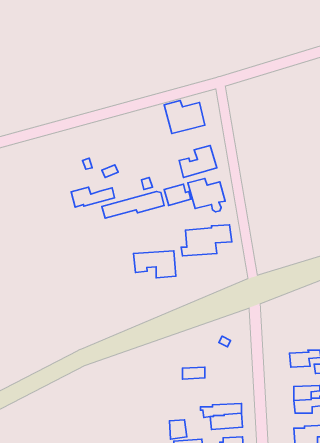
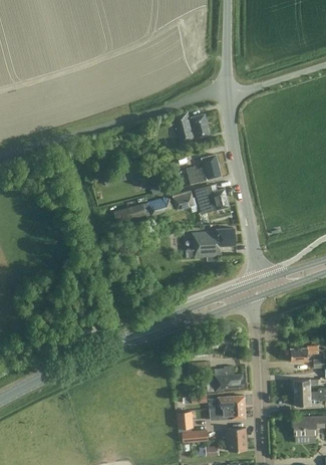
building: [71,187,115,207] -> none
building: [134,251,176,278] -> none
building: none -> [213,366,244,391]

